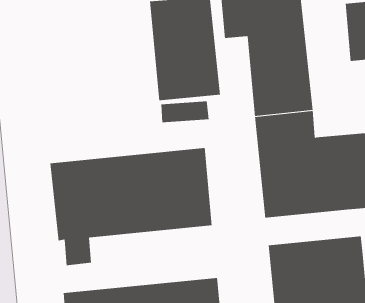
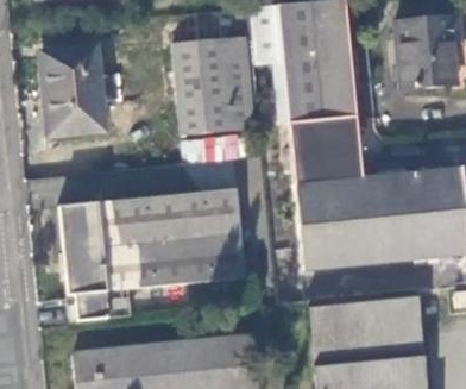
building: none -> [45,52,124,137]

